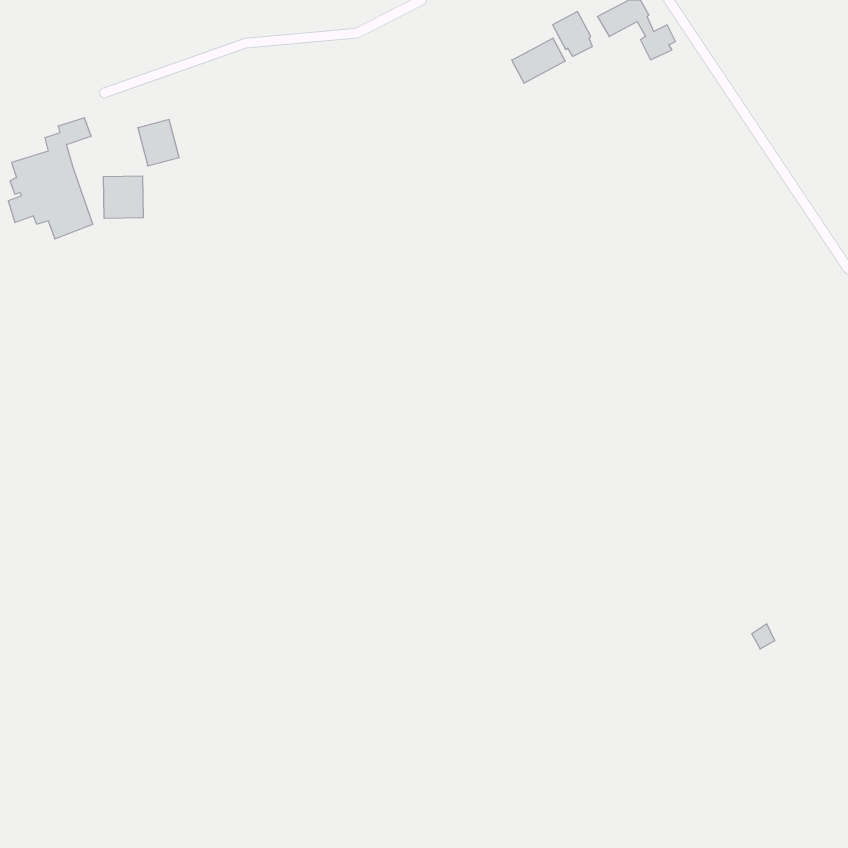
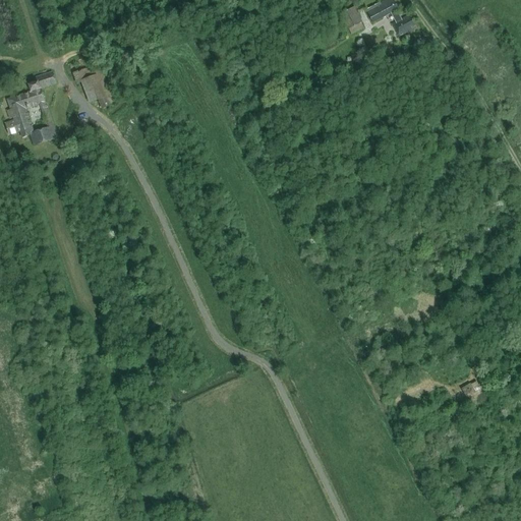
building: [512,38,565,83] -> none
building: [103,176,143,218] -> none

